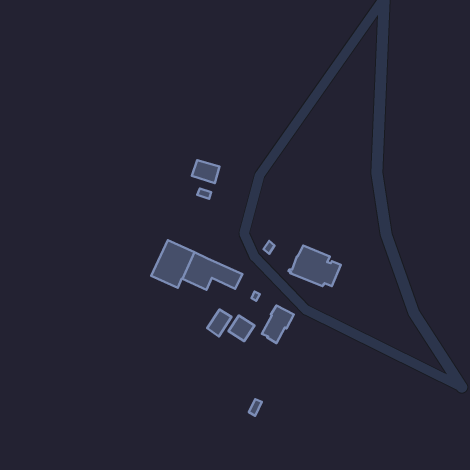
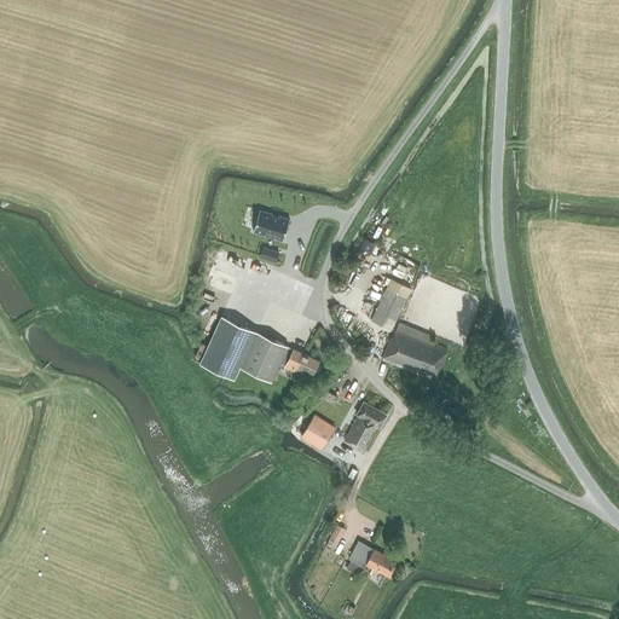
building: none -> [370,289,405,330]
building: [207,310,232,337] -> none
building: none -> [348,540,398,578]

